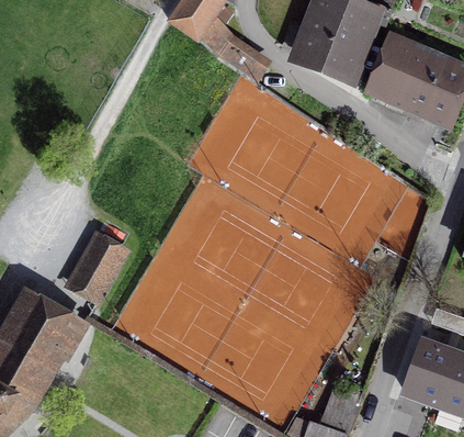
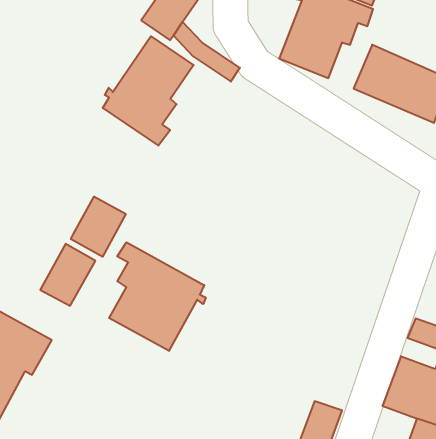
building: none -> [103,36,194,146]
building: none -> [71,197,126,257]
building: none -> [109,242,206,351]

